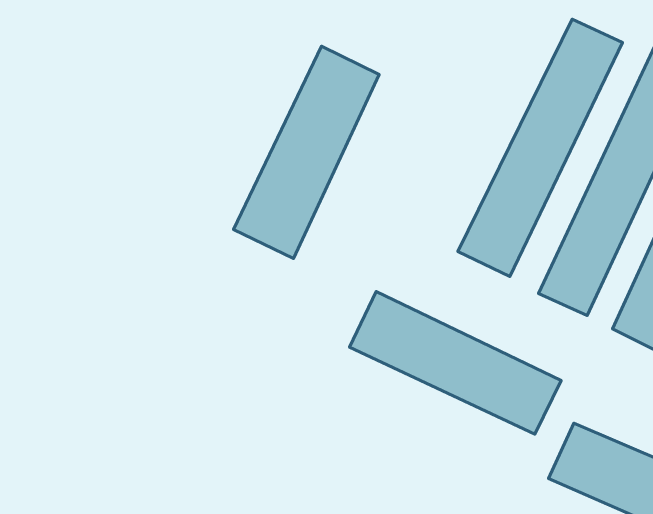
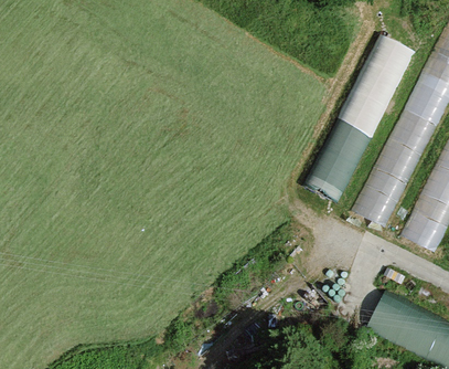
building: [233,46,379,258] -> none
building: [349,291,561,434] -> none

